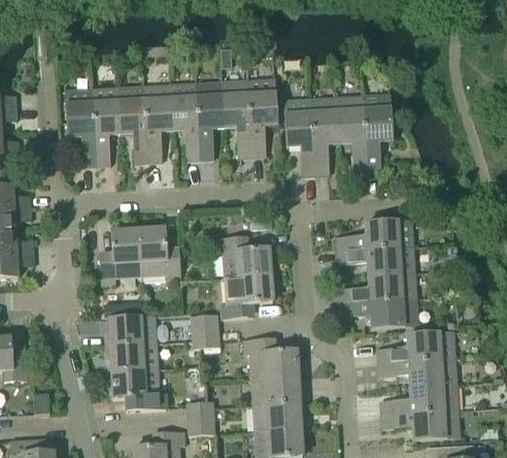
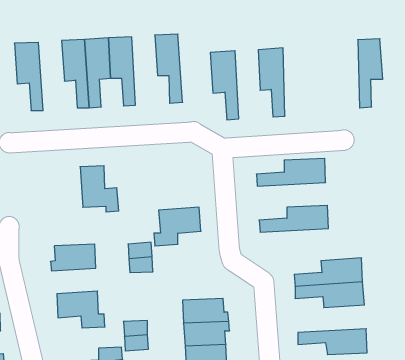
building: [247,79,277,157] -> none
building: [196,81,225,160] -> none
building: [92,88,121,166] -> none
building: [365,95,393,172] -> [358,39,383,108]
building: [311,98,339,175] -> none
building: [100,229,141,284] -> none
building: [215,236,271,277] -> none
building: [336,247,414,274] -> none
building: [339,298,417,328] -> none
building: [243,337,298,379] -> none
building: [106,342,158,371] -> none
building: [380,384,458,415] -> none

